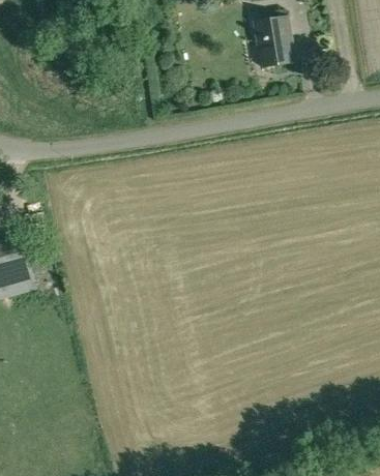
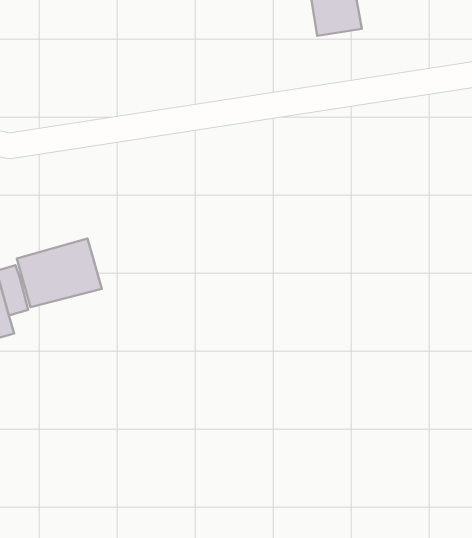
building: none -> [17,239,102,307]

